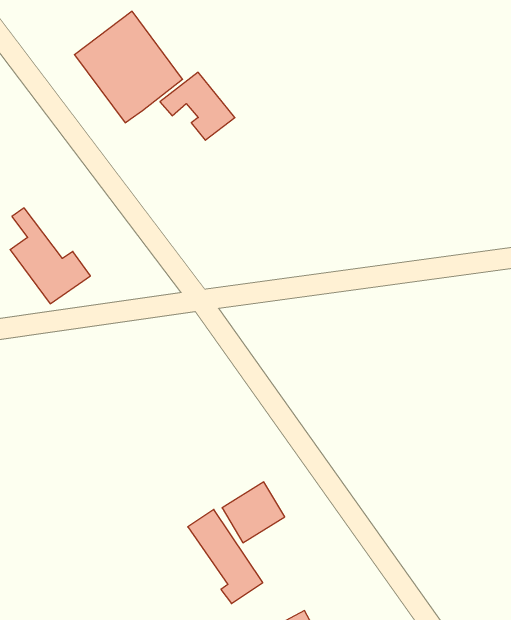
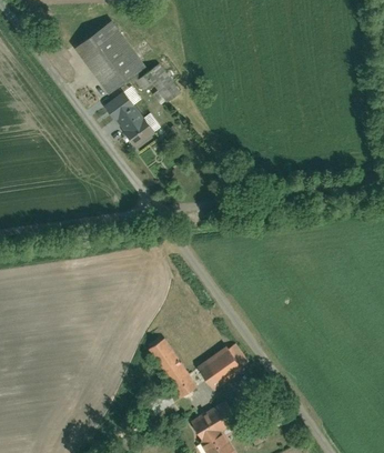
building: [10,208,90,304] -> [110,84,161,145]
building: [222,482,285,543] -> [199,349,239,387]

